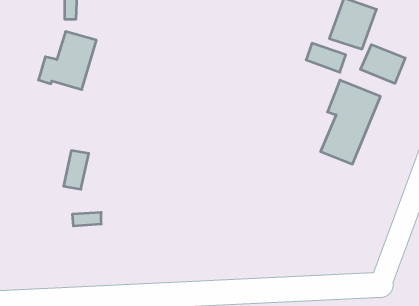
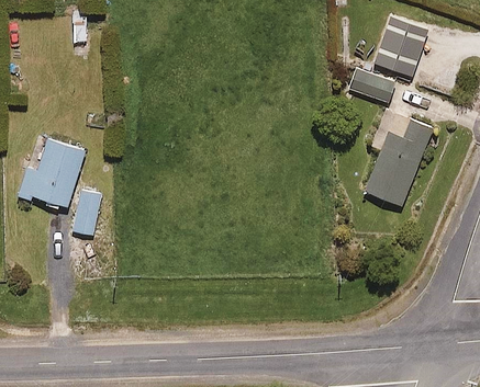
building: [38,32,96,90] -> [16,141,82,207]
building: [360,45,405,83] -> none

